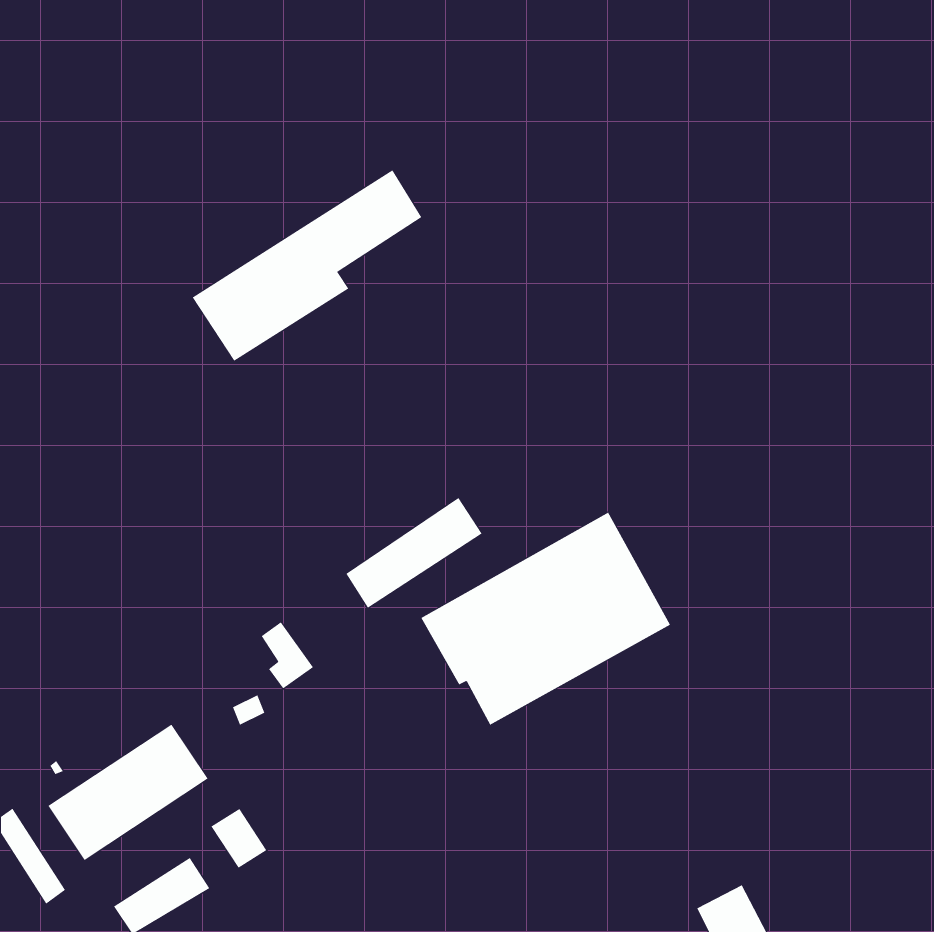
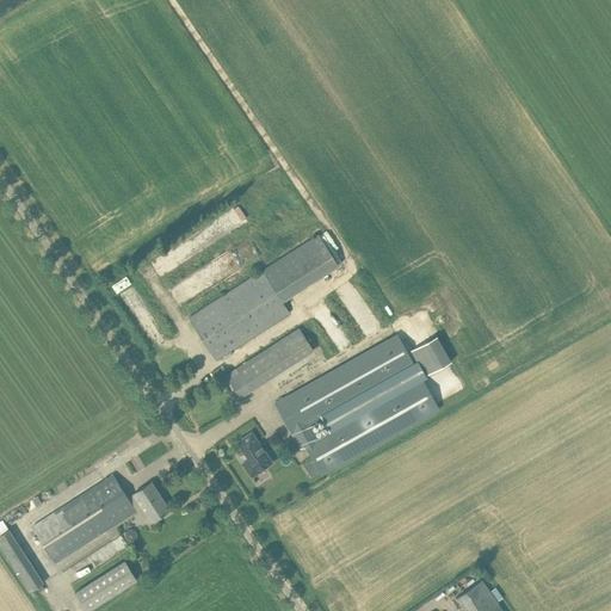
building: [192,170,422,362] -> [189,235,339,360]
building: none -> [412,338,450,376]
building: [261,622,314,689] -> [237,433,272,477]
building: [211,808,267,869] -> [132,483,169,523]

